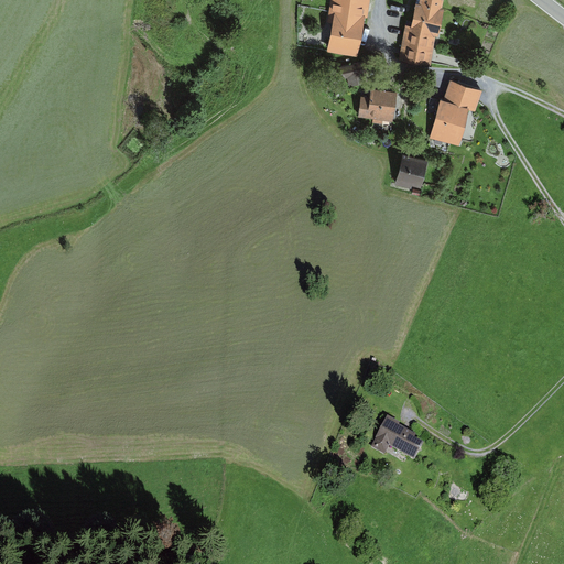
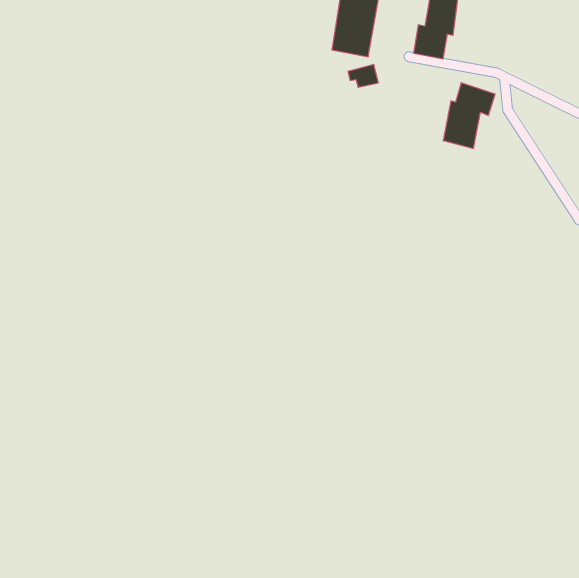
building: [357,88,395,121] -> none
building: [394,155,427,187] -> none
building: [375,421,423,460] -> none

